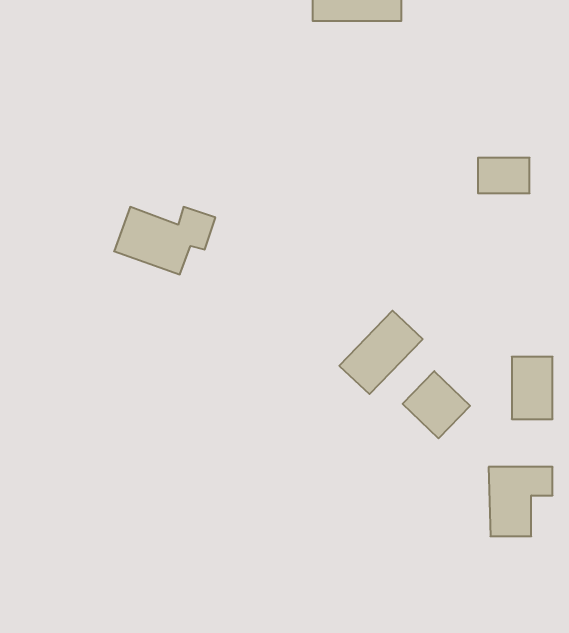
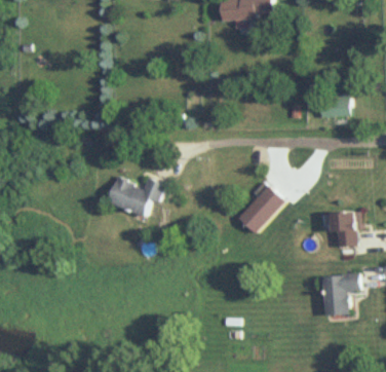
building: [114,207,215,274] -> [107,178,165,217]
building: [403,371,470,438] -> none

